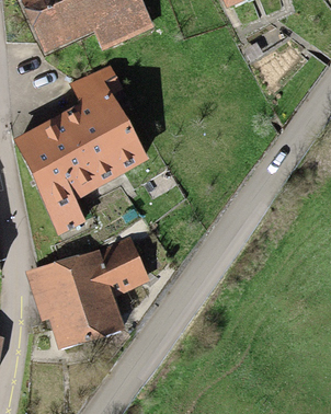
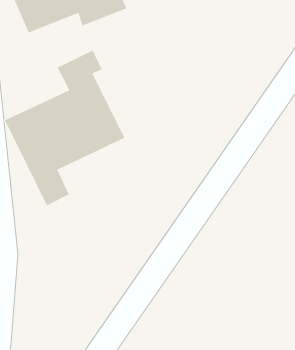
building: [33,241,145,350] -> none

